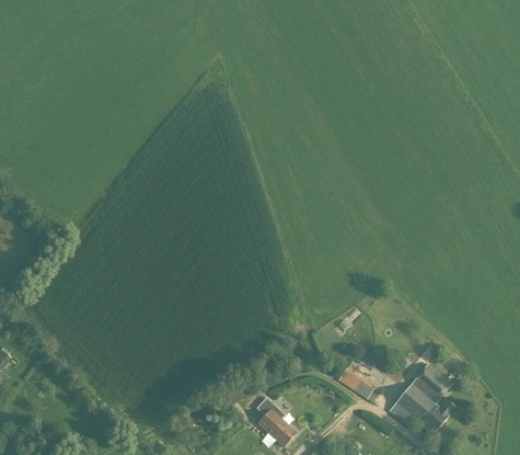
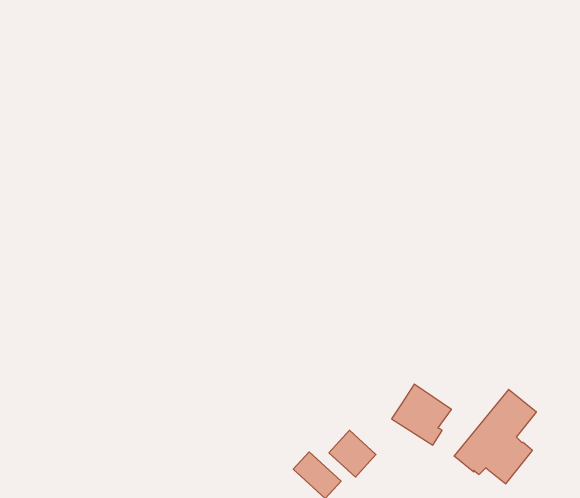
building: none -> [329,430,376,477]

